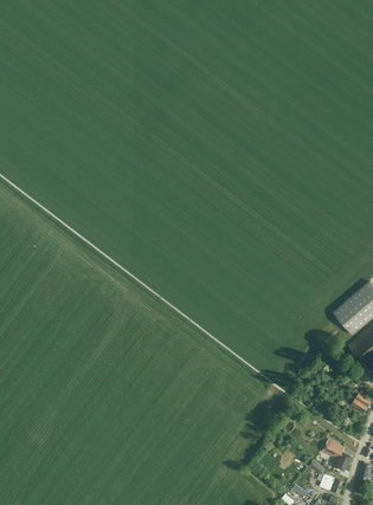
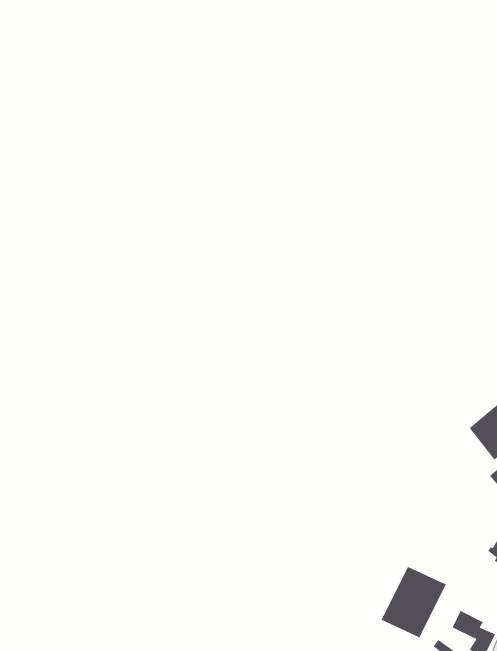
building: none -> [381,566,446,638]

